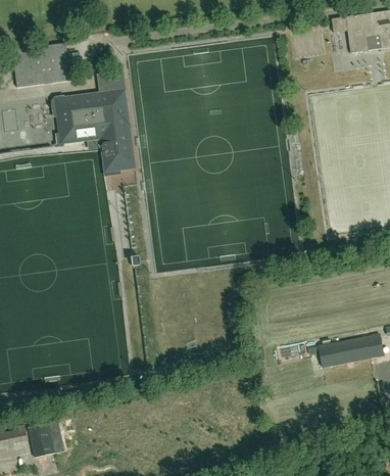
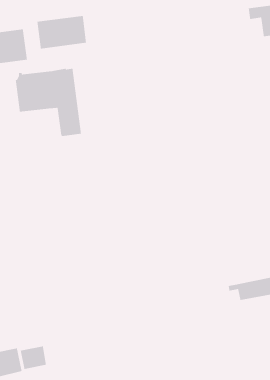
building: none -> [36,15,87,49]
building: none -> [20,345,47,370]

